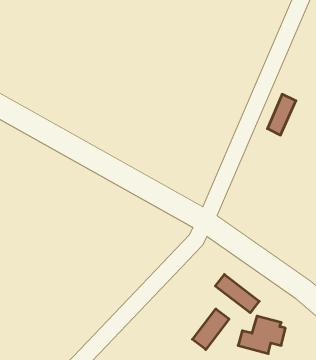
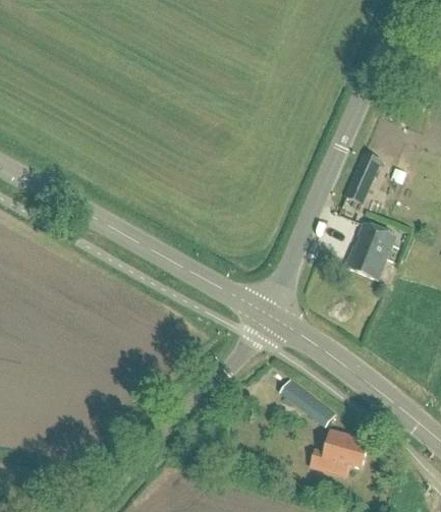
building: none -> [345,223,395,280]
building: [192,309,229,350] -> none

